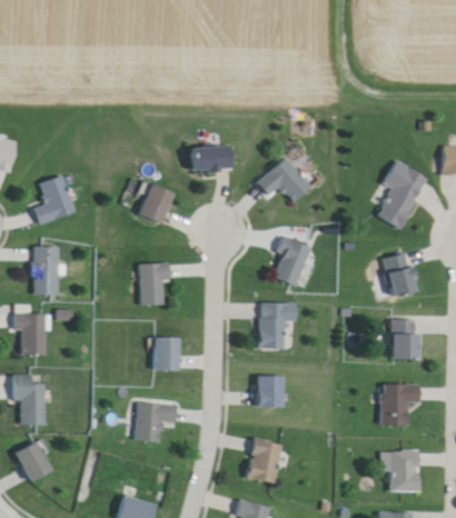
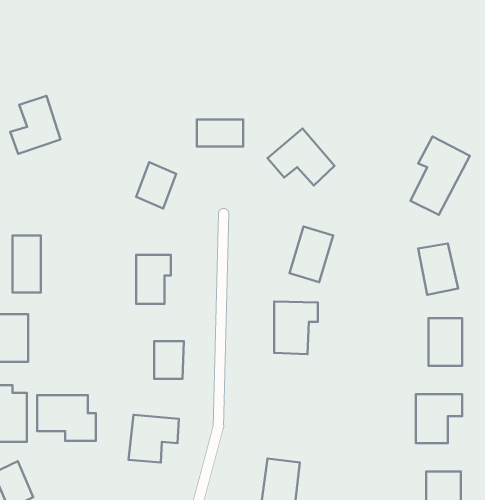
building: [30,176,73,226] -> [10,96,61,154]
building: [257,376,282,407] -> none
building: none -> [37,395,96,441]

